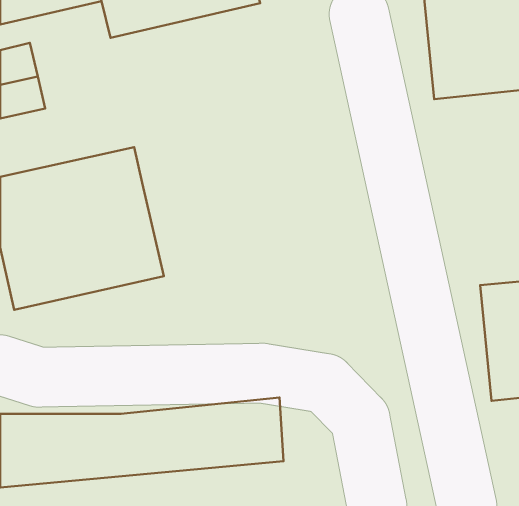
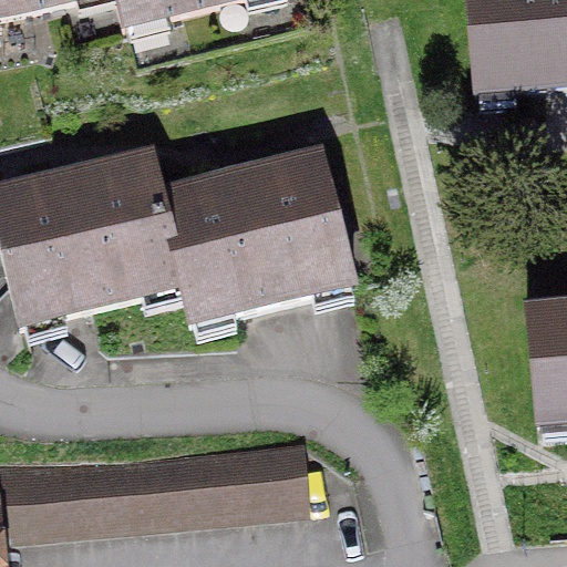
building: none -> [158,161,352,338]

